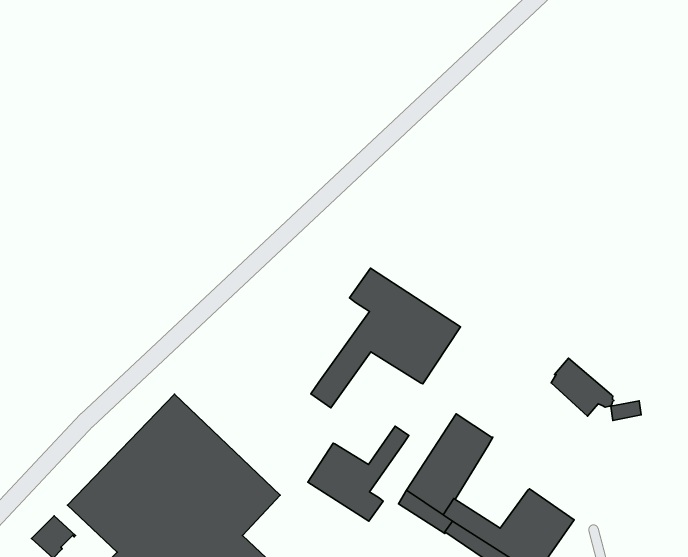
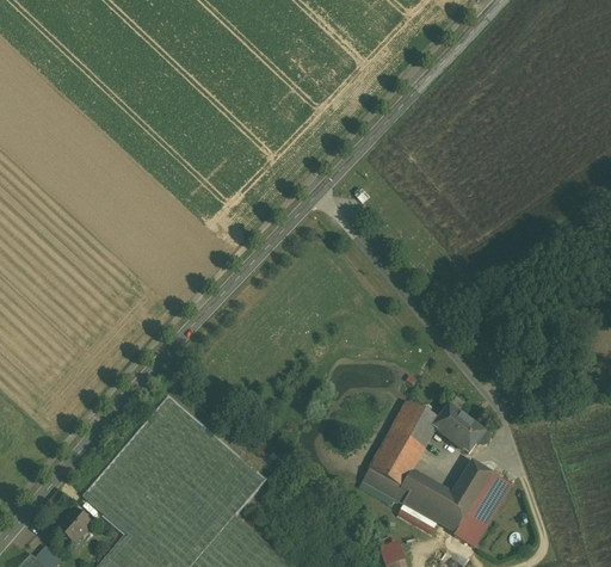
building: [311,268,461,408] -> none
building: [551,358,614,416] -> [434,406,488,454]
building: [308,426,409,521] -> none

